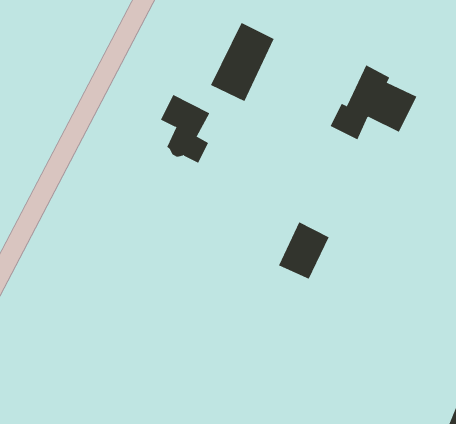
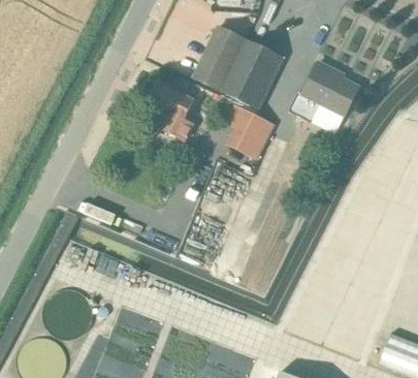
building: none -> [221,40,282,108]
building: [278,222,330,279] -> [231,112,272,158]

